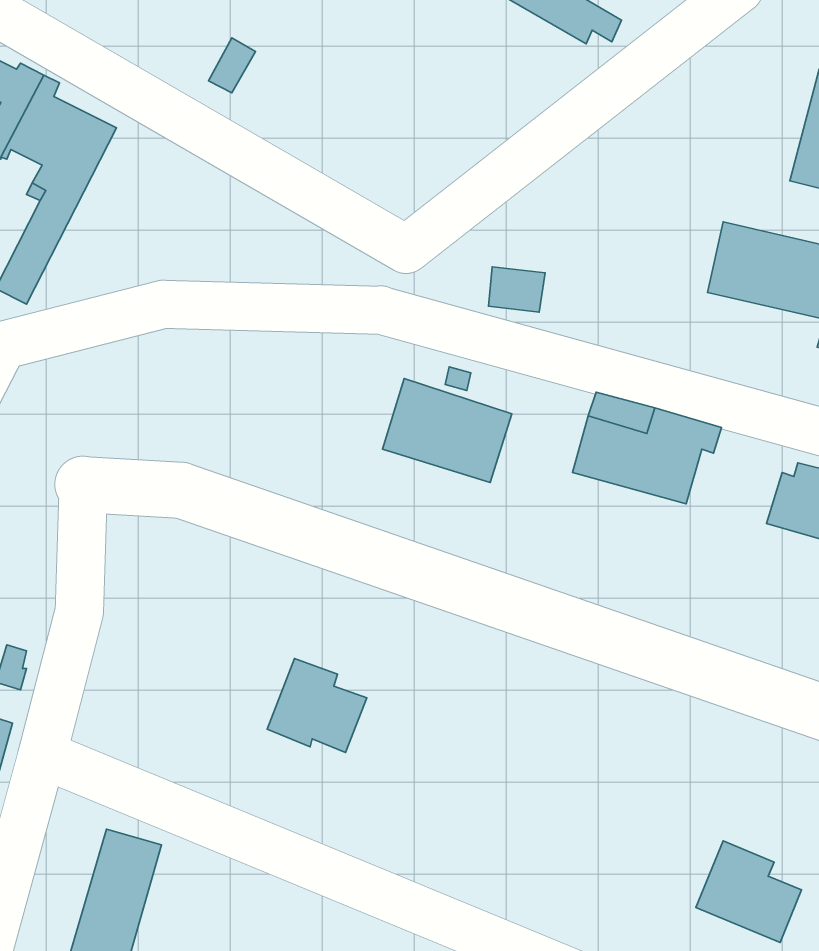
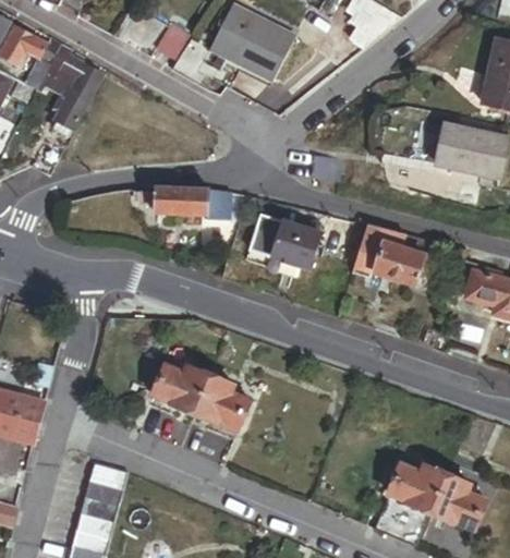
building: none -> [193,8,290,90]
building: none -> [137,189,232,220]
building: none -> [149,361,202,409]
building: none -> [384,461,440,508]

